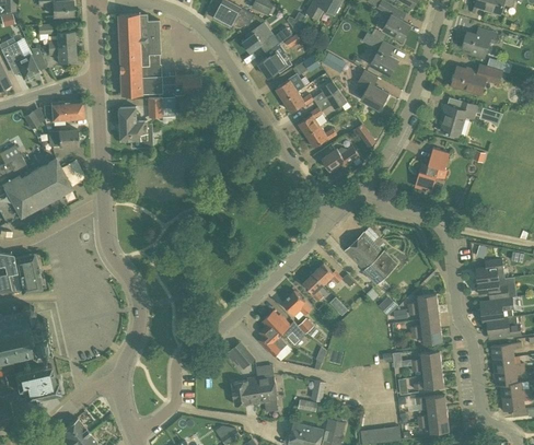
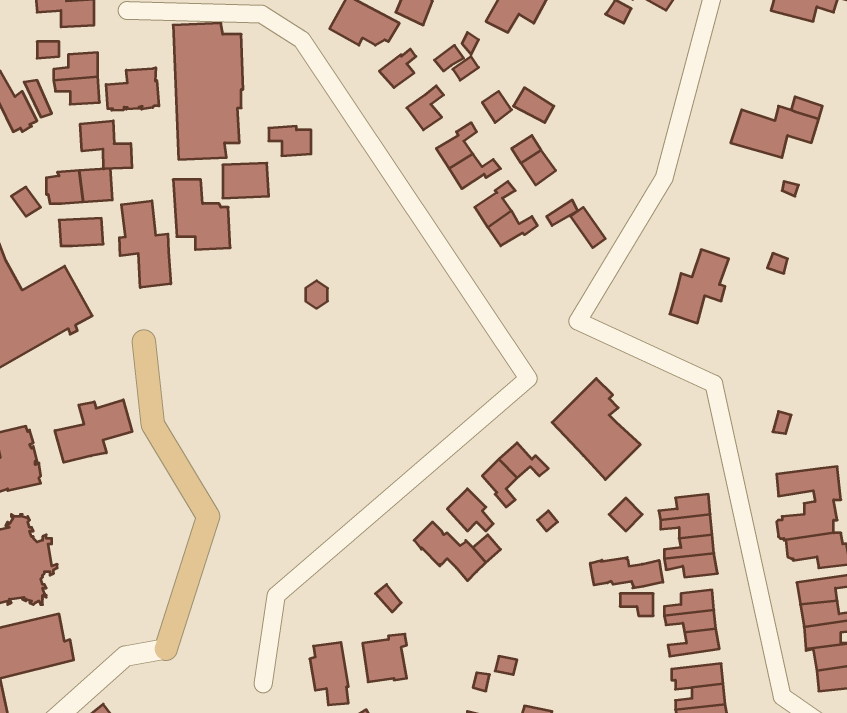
building: [383,8,410,40] -> none
building: [463,32,498,56] -> none
building: [362,33,398,75] -> none
building: none -> [106,68,159,110]
building: [357,70,388,110] -> none
building: none -> [80,121,132,169]
building: [441,101,478,137] -> none
building: none -> [119,201,171,288]
building: [322,147,360,171] -> none
building: none -> [55,400,132,462]
building: [476,259,504,282] -> none
building: [258,326,287,356] -> none
building: none -> [590,557,663,588]
building: [255,375,278,412] -> [310,642,348,705]

